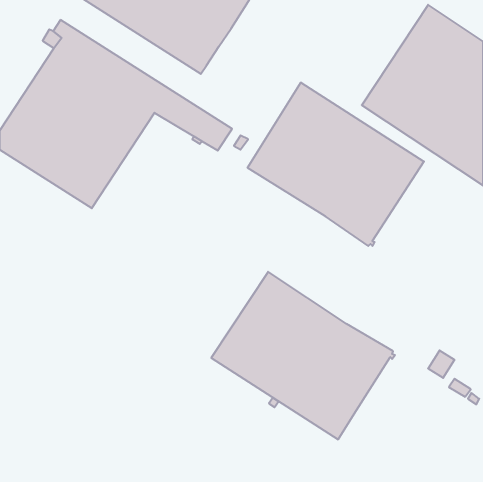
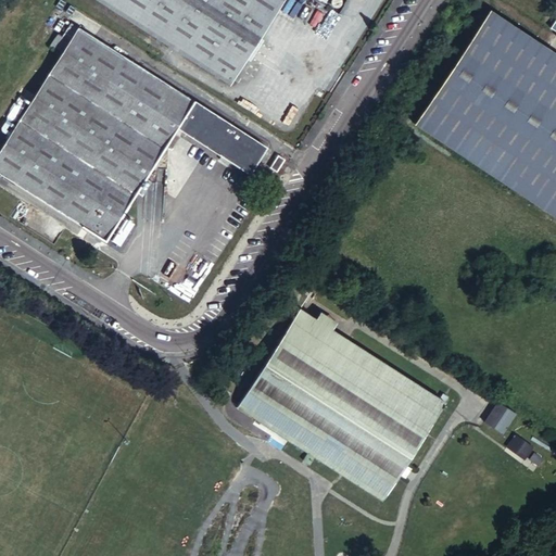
building: [248,82,424,246] -> none

